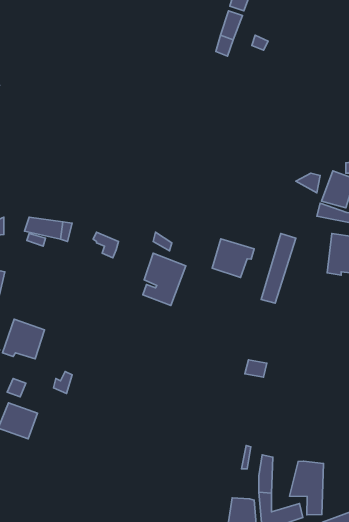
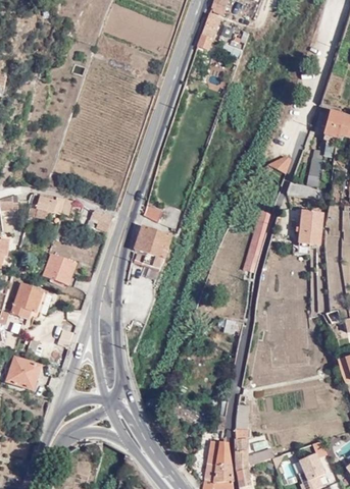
building: [212,239,254,277] -> none
building: none -> [40,251,76,285]
building: [290,461,324,515] -> none

